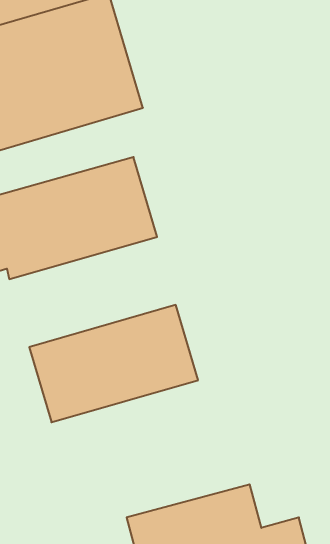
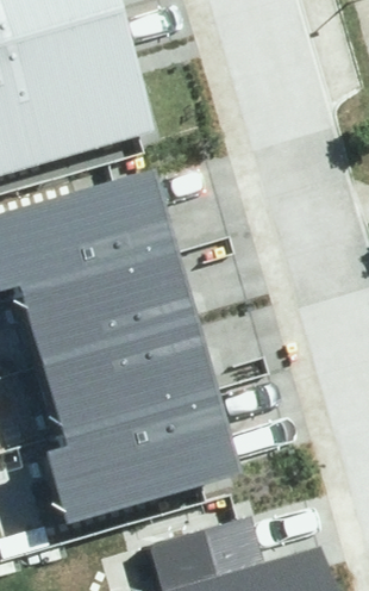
building: none -> [21,255,190,367]
building: none -> [44,400,234,525]

